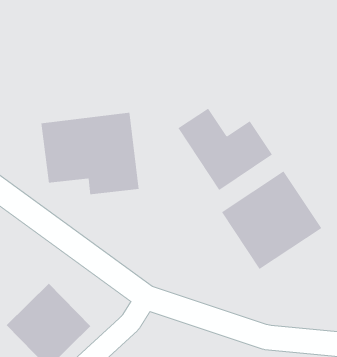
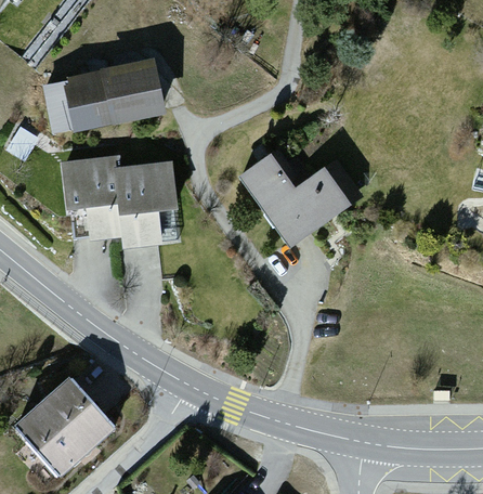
building: none -> [39,42,162,138]
building: [221,171,322,270] -> none

